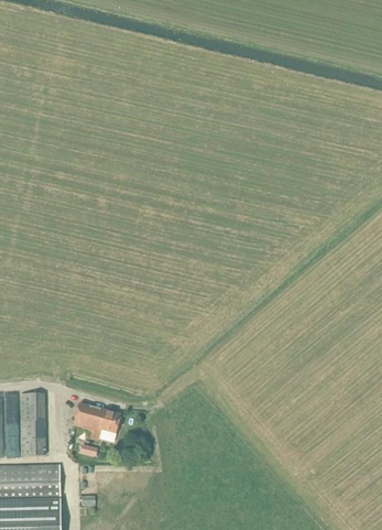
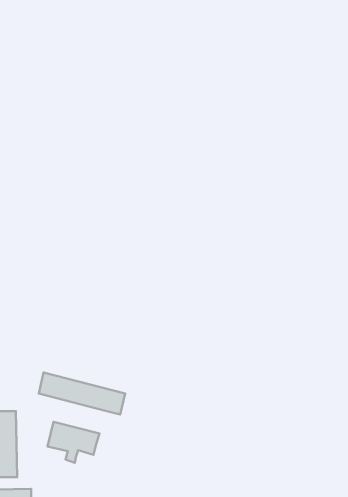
building: none -> [39,373,125,414]

